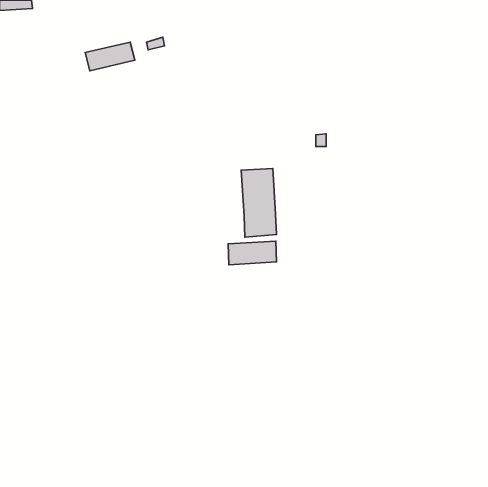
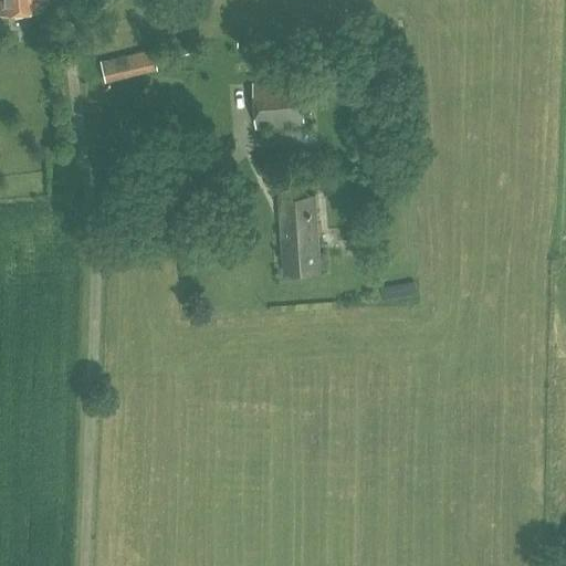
building: none -> [252,81,304,132]
building: [228,241,277,265] -> none

